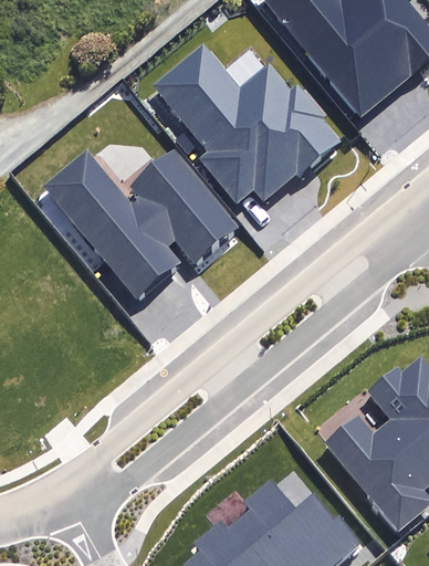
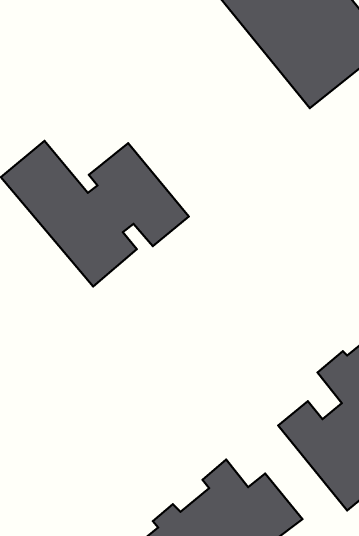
building: [156,45,333,201] -> none

